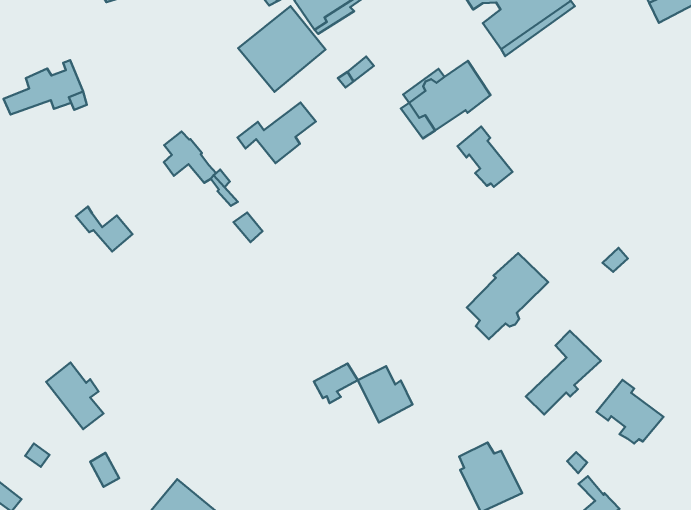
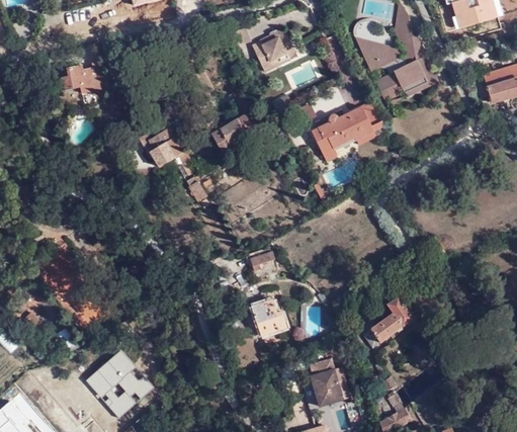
building: [238,6,326,92] -> none
building: [458,127,512,187] -> none
building: [76,207,132,251] -> [137,134,172,166]
building: [467,253,548,339] -> none
building: [314,364,358,403] -> [245,247,274,271]
building: [596,380,663,443] -> none

